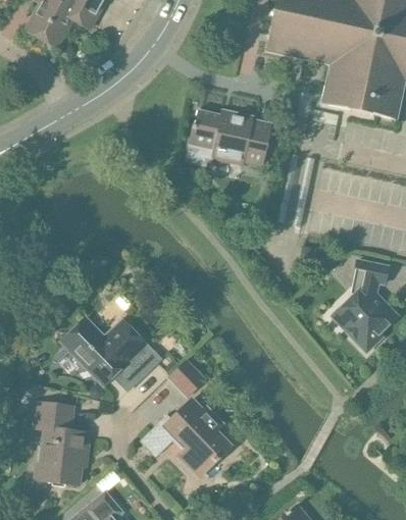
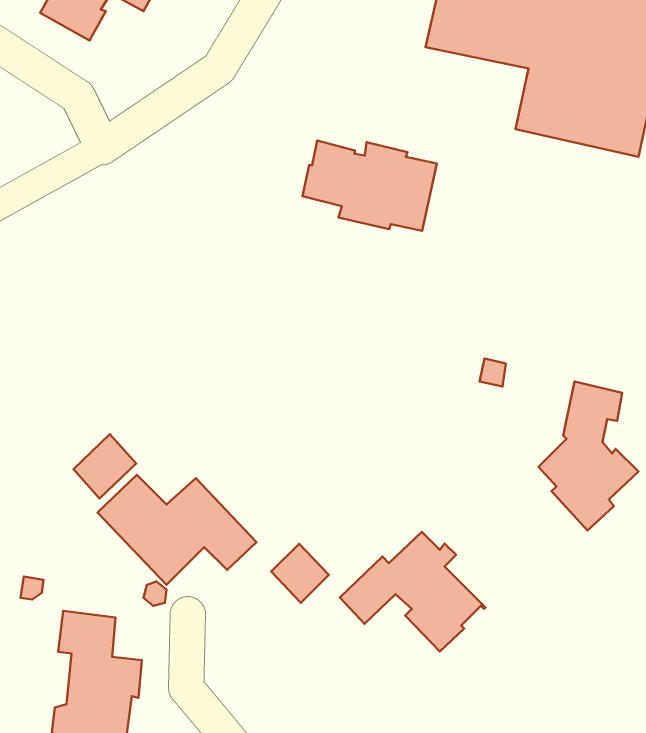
building: none -> [73,434,136,499]
building: [141,399,232,473] -> [340,532,486,652]

